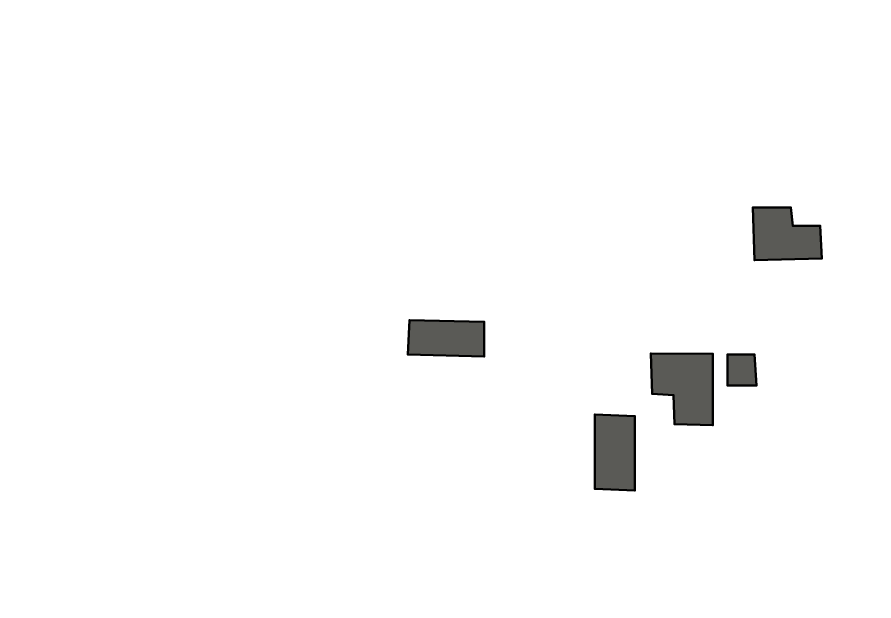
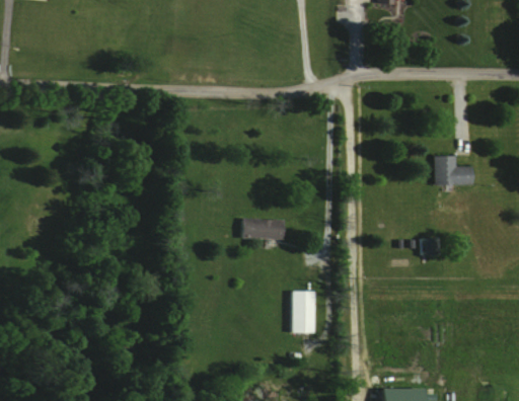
building: [651,353,713,425] -> none
building: [595,414,635,491] -> [292,291,314,333]

